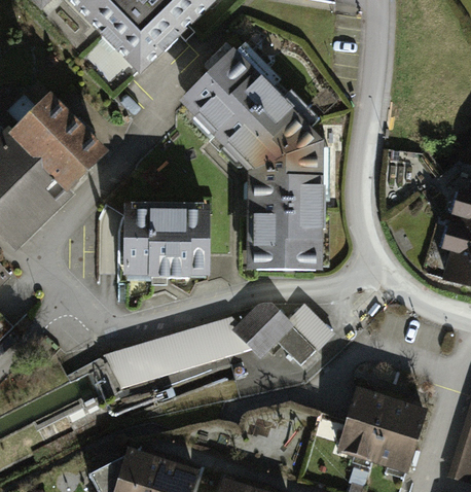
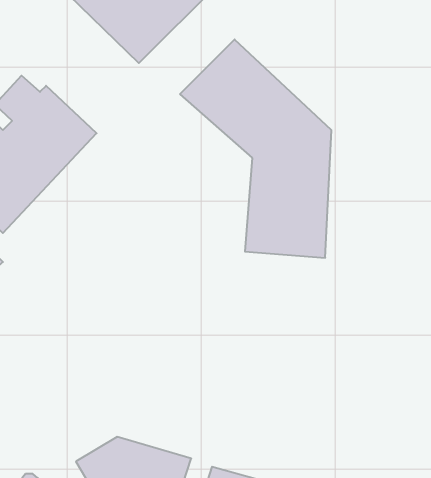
building: [115,203,211,282] -> none
building: [100,304,334,388] -> none
building: [341,387,429,469] -> none

